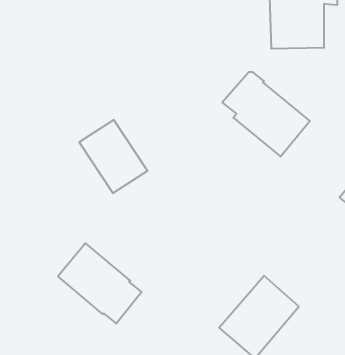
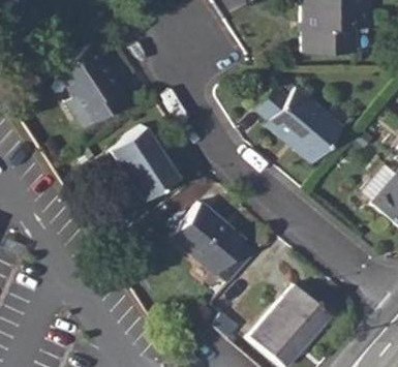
building: none -> [56,43,127,127]
building: [58,243,142,324] -> [173,203,257,284]

